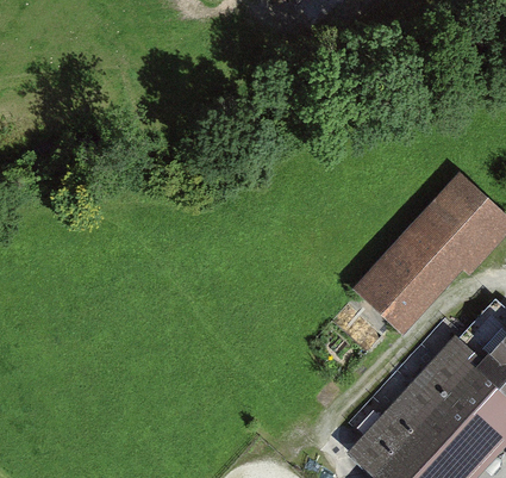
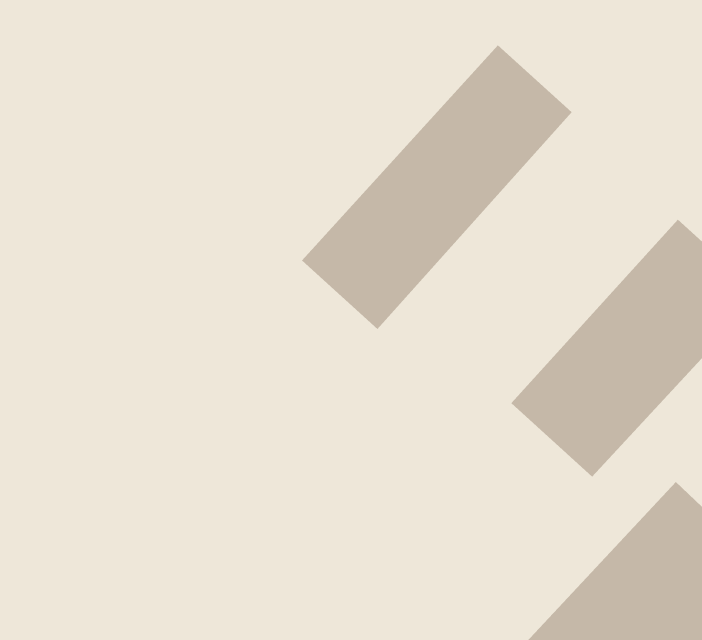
building: none -> [301,44,572,330]

